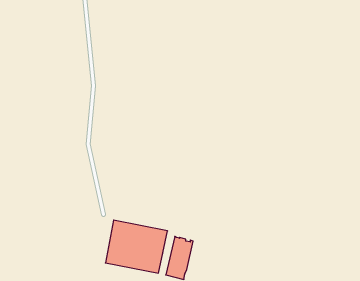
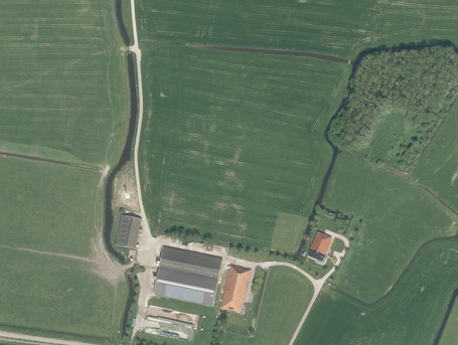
building: none -> [116,214,141,247]
building: none -> [308,230,332,263]

